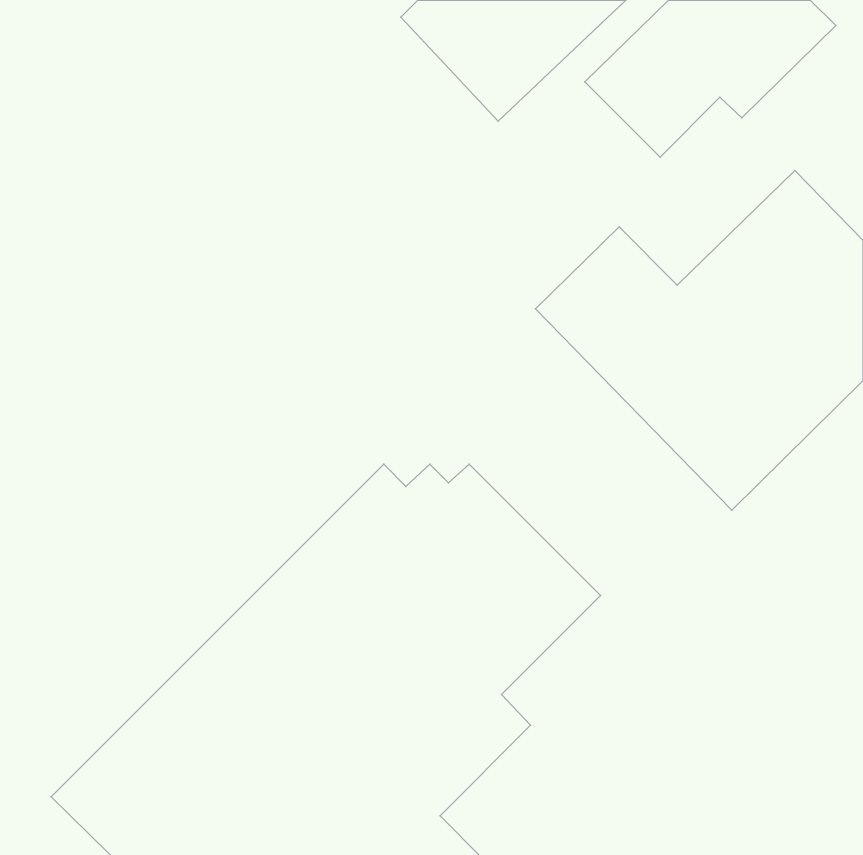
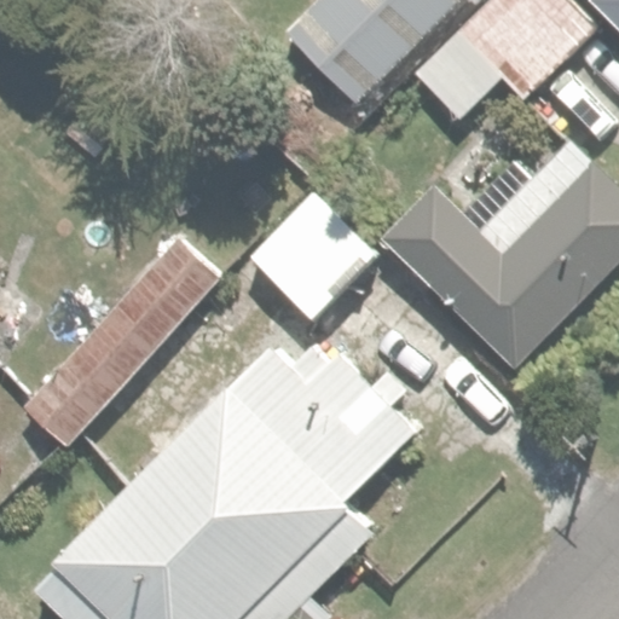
building: none -> [243,191,376,323]
building: none -> [15,237,228,453]

